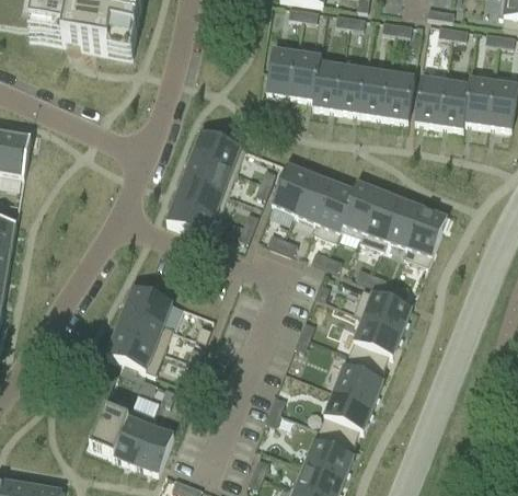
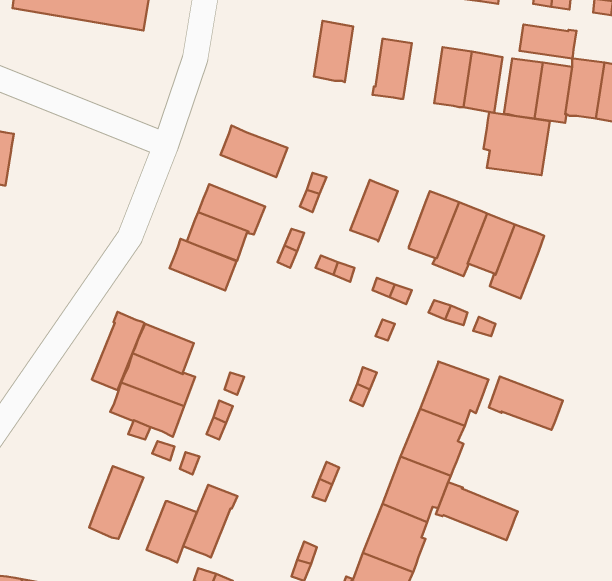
building: none -> [519,24,577,58]
building: [289,53,321,100] -> none
building: [335,66,366,113] -> none
building: none -> [484,112,550,175]
building: [183,153,235,194] -> [169,239,236,291]
building: [270,164,309,212] -> none
building: [311,182,353,240] -> none
building: none -> [92,312,144,390]
building: [353,288,411,330] -> [489,377,563,430]
building: [112,406,154,463] -> [183,485,238,557]
building: none -> [436,482,518,540]

